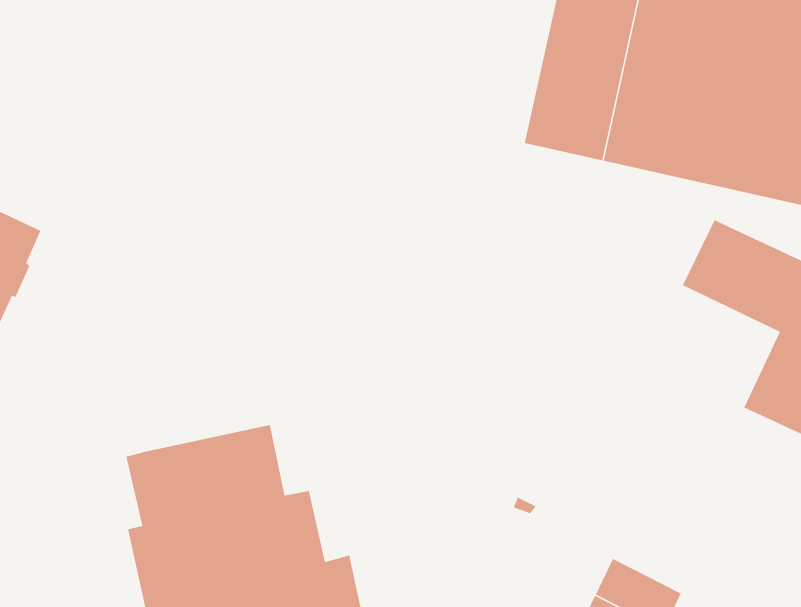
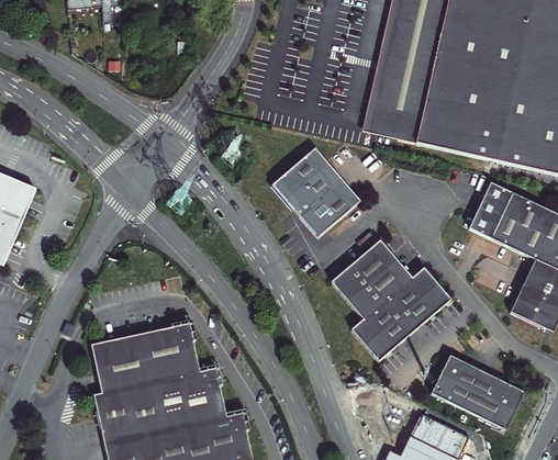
building: none -> [274,143,364,235]
building: none -> [331,239,449,360]
building: none -> [433,355,527,429]

